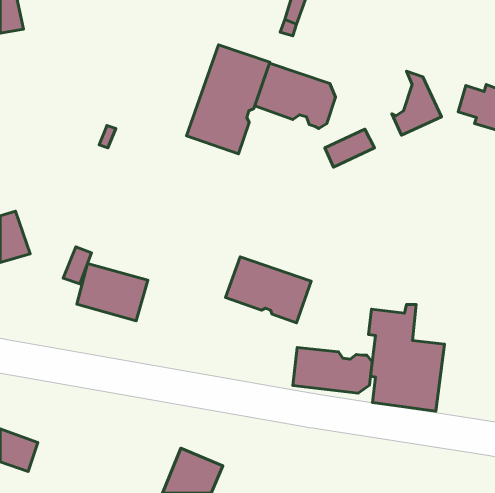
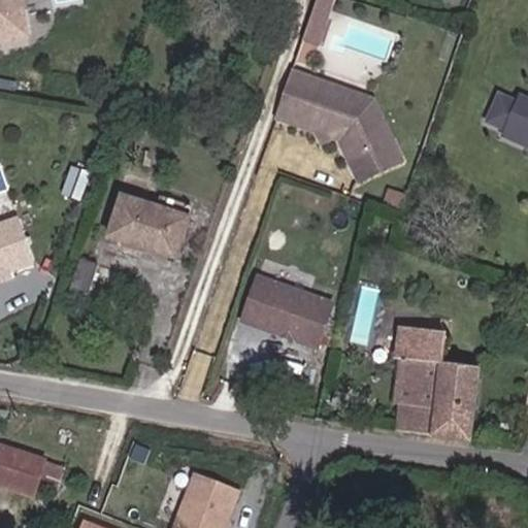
building: [186,45,270,154] -> none
building: [392,71,441,135] -> [336,89,389,157]
building: [77,263,148,321] -> [111,204,187,265]
building: [293,348,372,393] -> none

